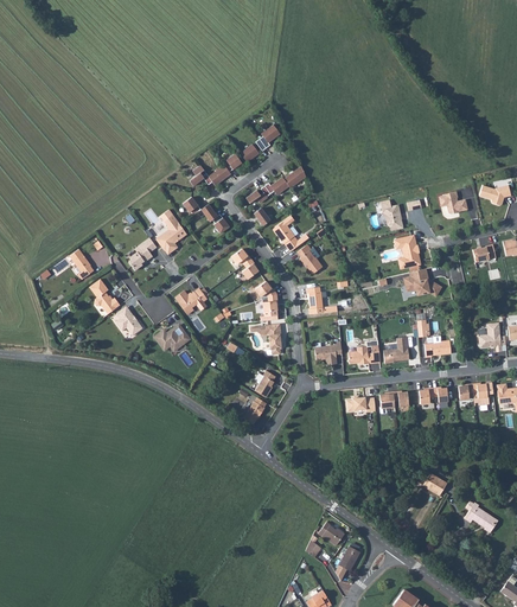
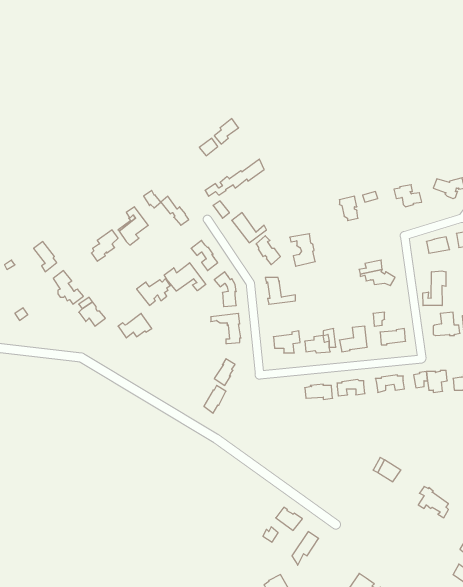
building: [189,153,241,186] -> none
building: [394,236,420,269] -> [290,234,315,266]
building: none -> [164,263,206,291]
building: none -> [423,271,446,306]

